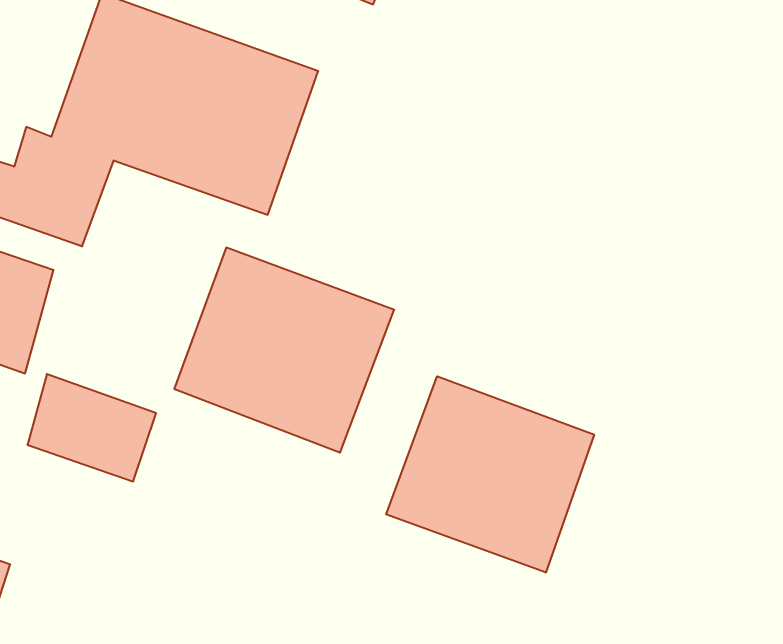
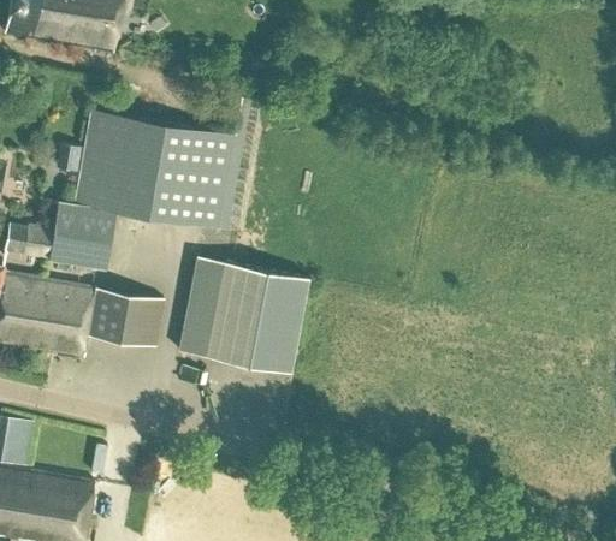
building: [27,374,156,481] -> [85,289,164,347]
building: [386,376,594,573] -> none

